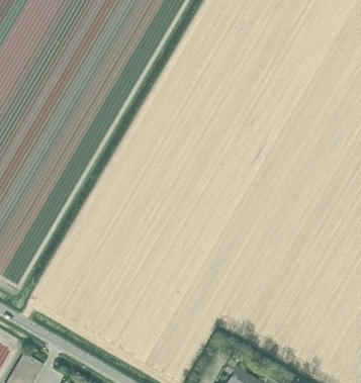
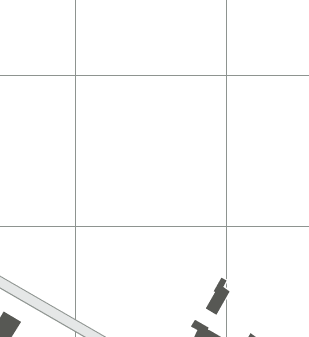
building: none -> [205,277,230,316]

